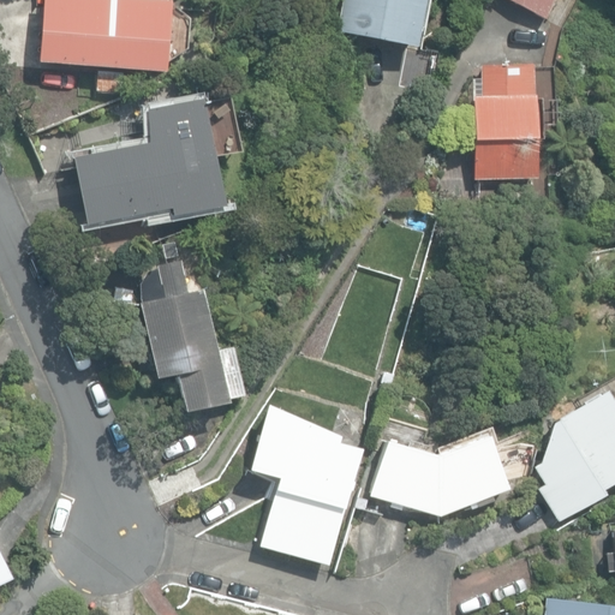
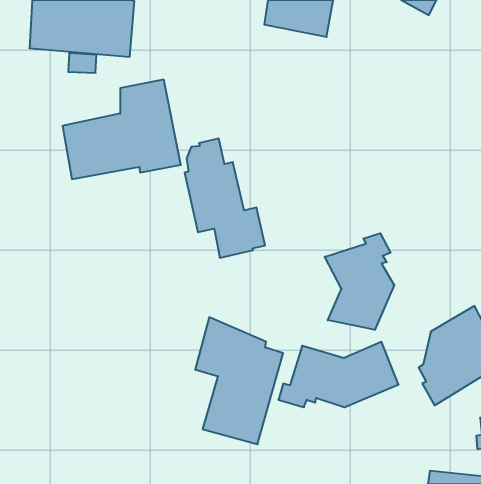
building: [473,65,544,179] -> none
building: [142,258,244,410] -> [185,138,265,258]
building: none -> [325,233,394,330]

